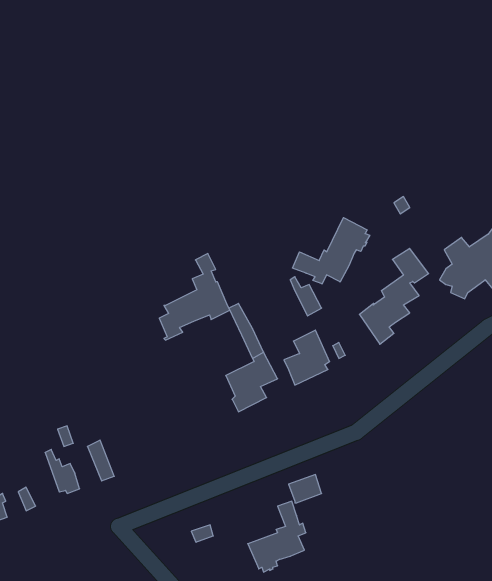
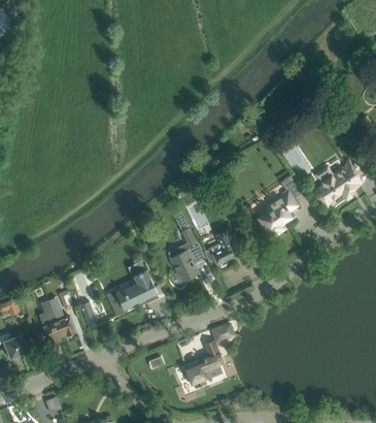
building: [292,218,370,284] -> none
building: [159,254,230,340] -> [111,259,158,316]
building: none -> [39,299,61,343]

